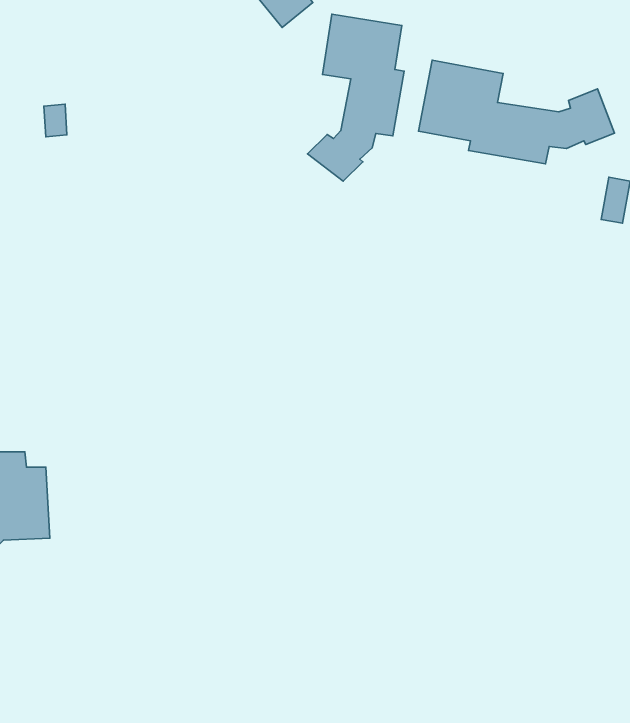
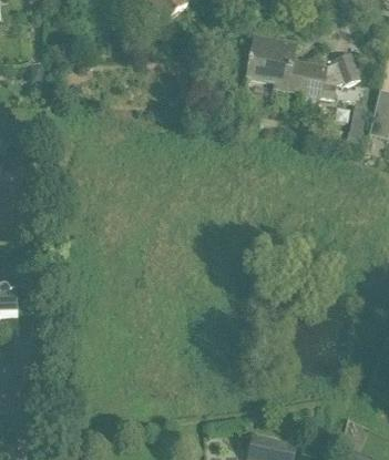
building: [308,14,404,181] -> none

